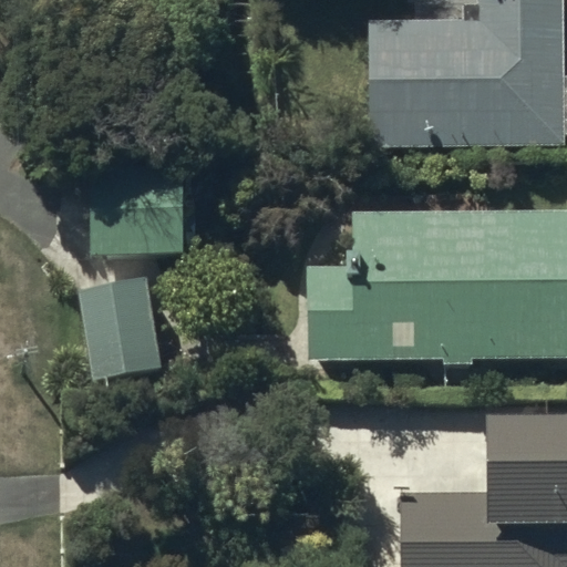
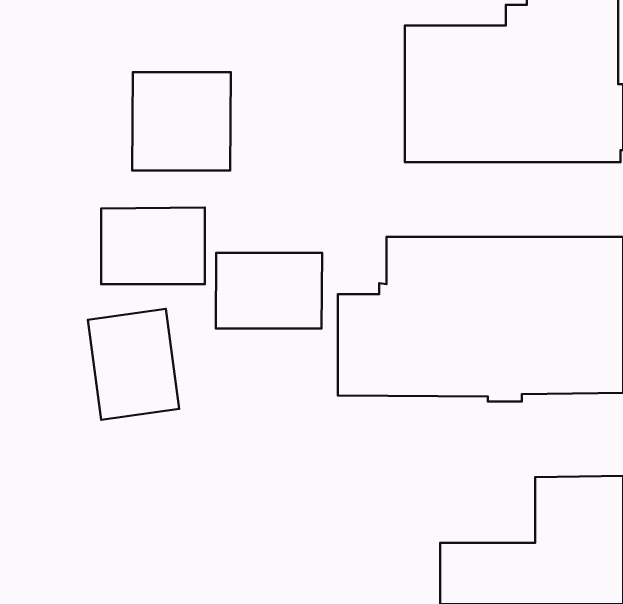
building: none -> [132,72,231,170]
building: none -> [216,253,322,329]

